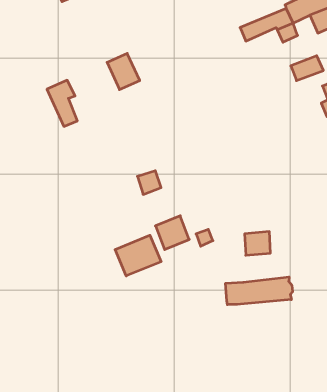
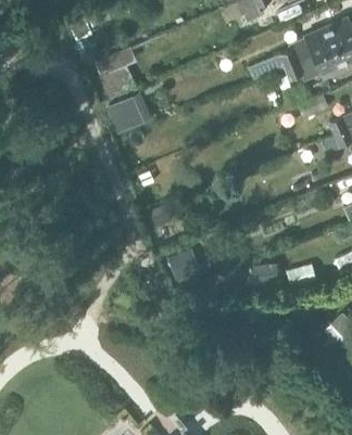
building: [47,80,77,126] -> [97,52,126,97]
building: [115,235,161,276] -> none
building: [226,277,293,305] -> none

